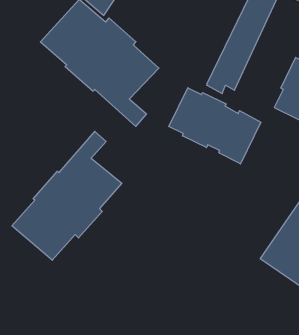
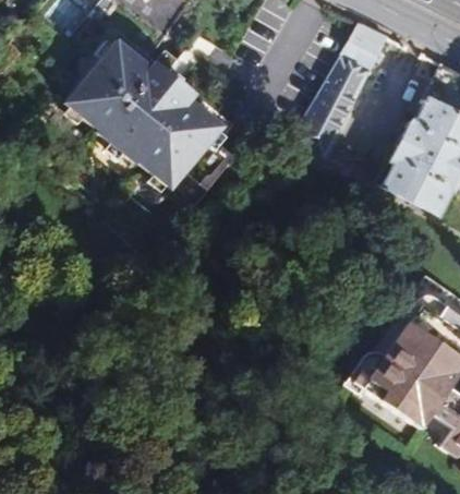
building: [169,88,261,164] -> none
building: [12,131,122,260] -> none

